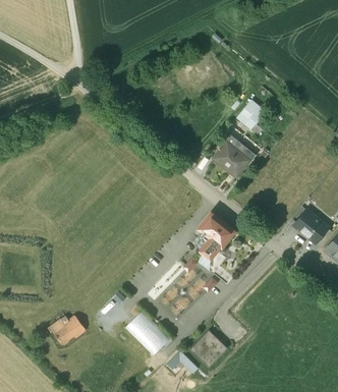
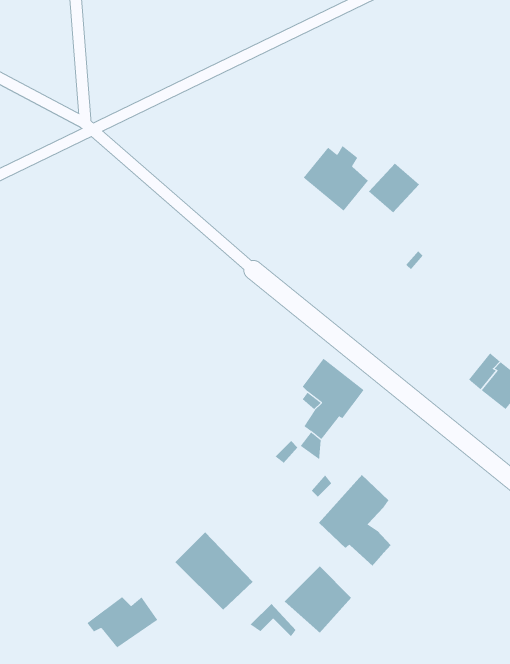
building: [213,139,250,177] -> [303,145,369,211]
building: none -> [318,474,391,567]
building: [44,316,84,345] -> [86,596,158,648]

